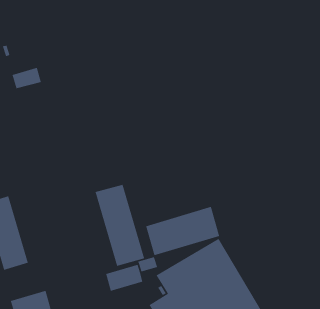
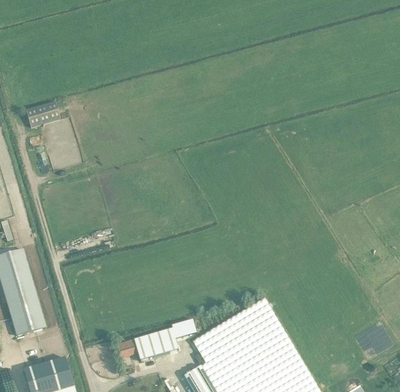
building: [95,184,145,267] -> none
building: [145,206,220,256] -> none

